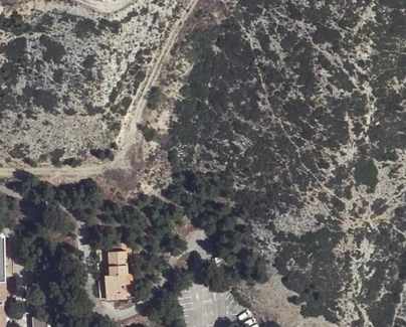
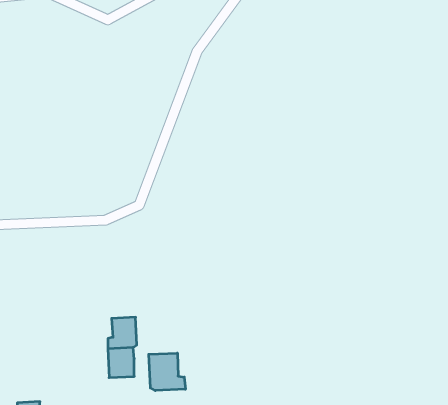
building: none -> [149,353,185,391]

